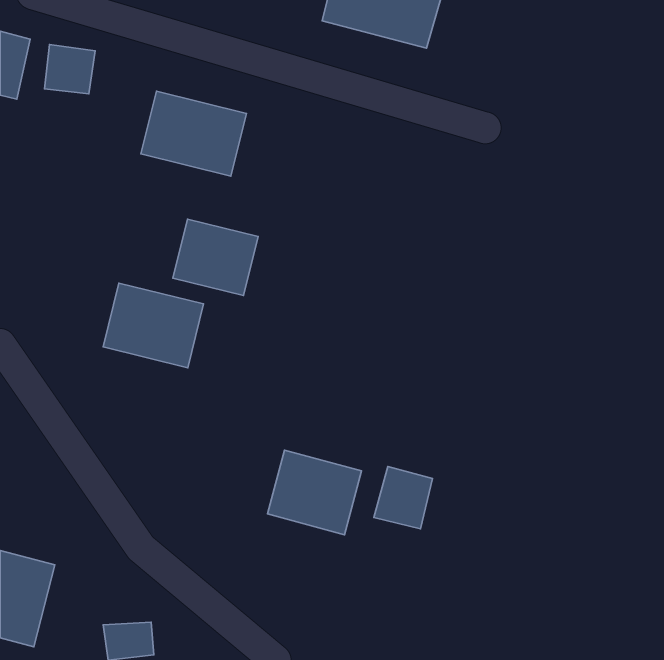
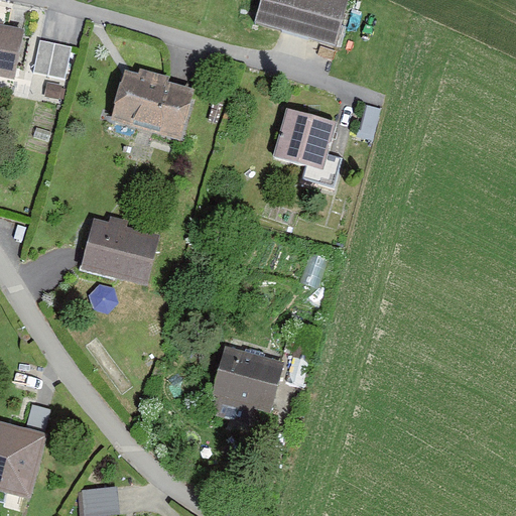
building: none -> [265,114,334,170]
building: [173,219,258,296] -> none
building: [374,467,433,529] -> none

